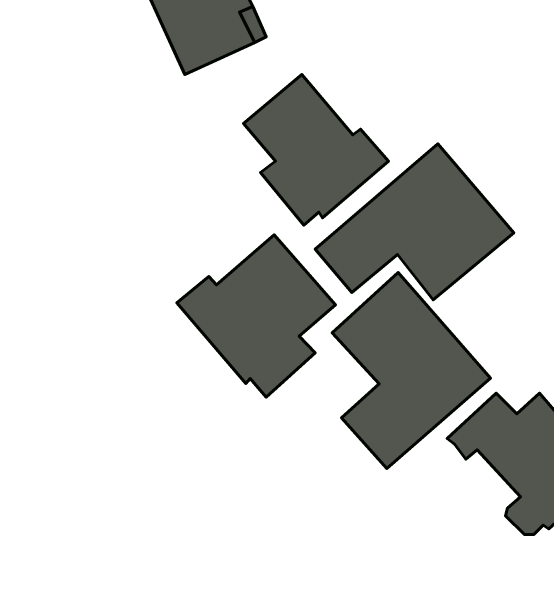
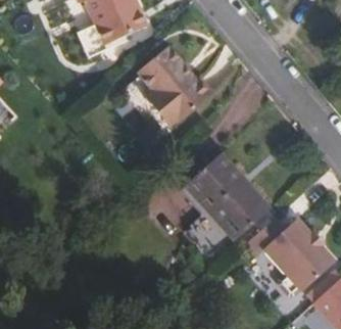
building: [315,144,514,300] -> none
building: [177,235,335,397] -> none

